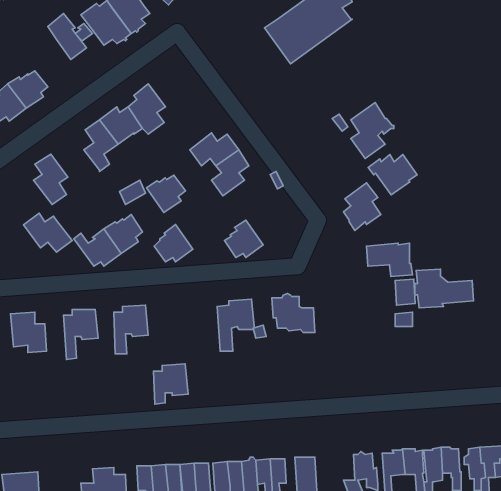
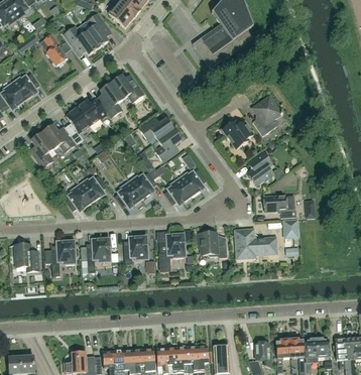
building: none -> [111,75,144,102]
building: [368,155,417,195] -> [220,120,254,148]
building: [147,175,185,212] -> [130,172,157,199]
building: none -> [179,168,207,196]
building: [23,213,72,252] -> [42,124,77,151]
building: [415,269,474,308] -> [235,230,276,257]
building: [154,364,188,404] -> [124,236,148,264]

